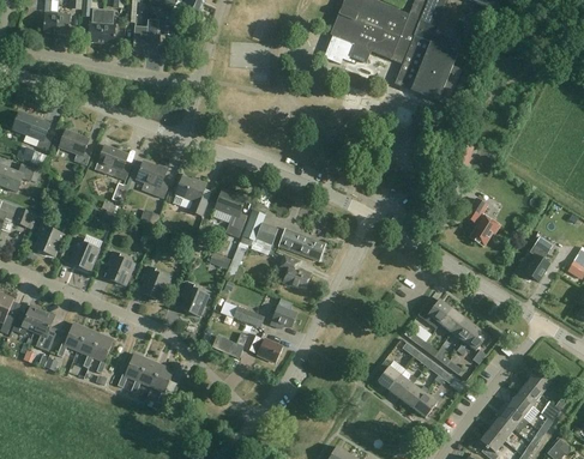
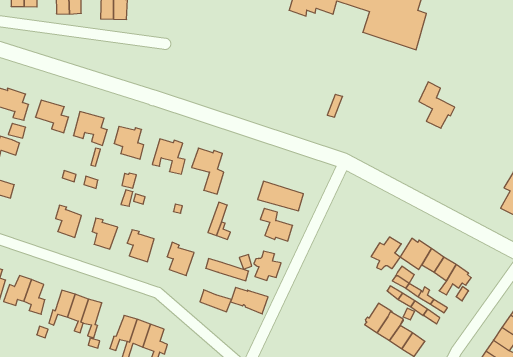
building: [464,197,500,244] -> [419,82,455,128]
building: [243,211,278,244] -> none
building: [37,223,64,256] -> none
building: none -> [371,237,401,270]

